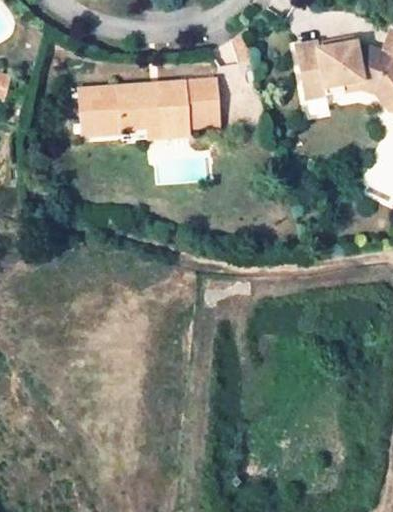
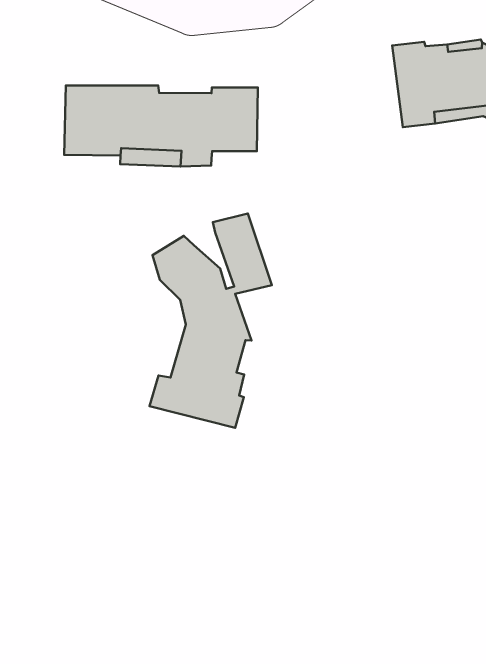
building: none -> [150,213,272,428]

